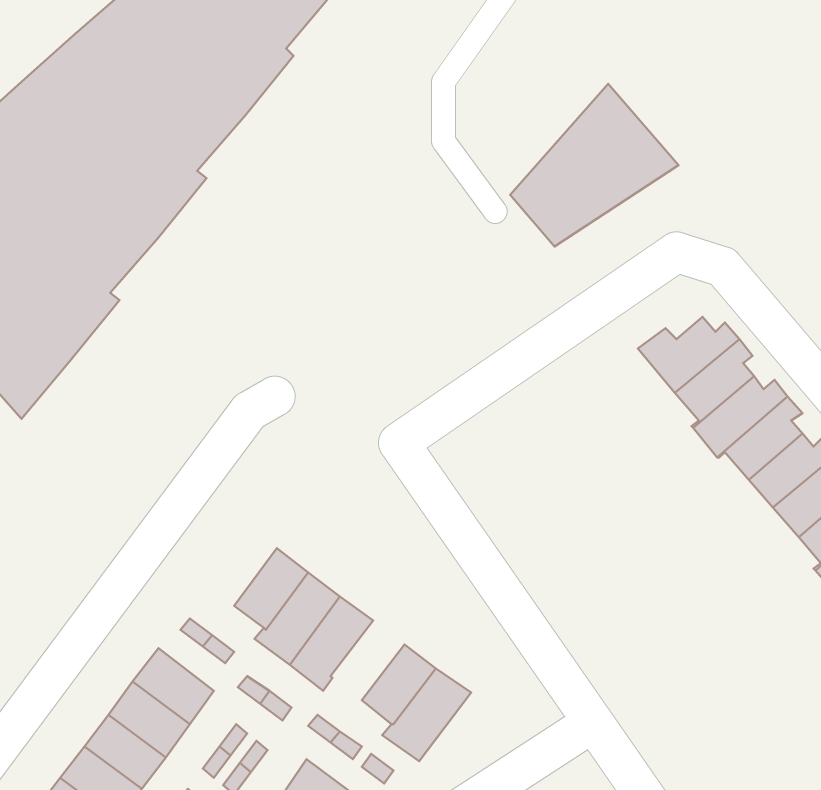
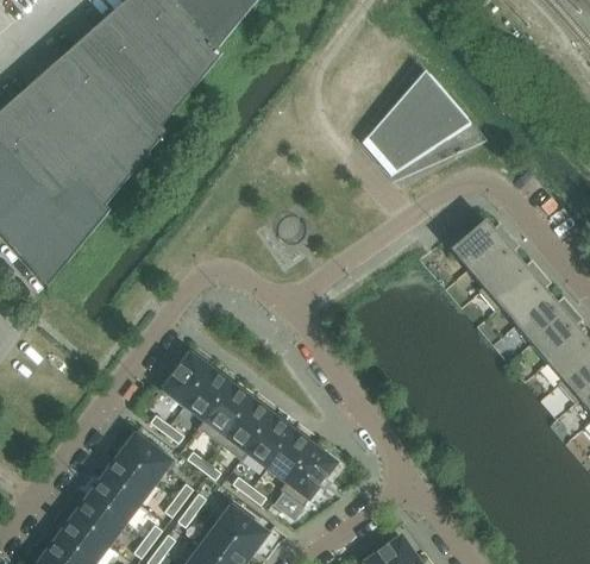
building: none -> [163,352,212,406]
building: none -> [246,415,294,466]

